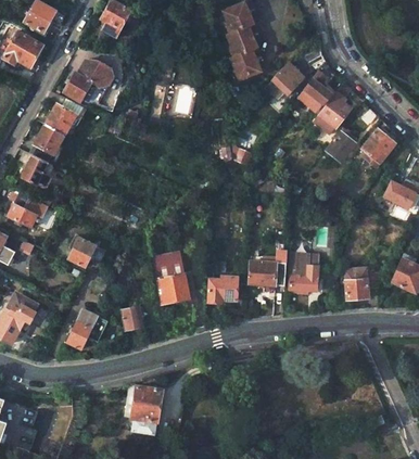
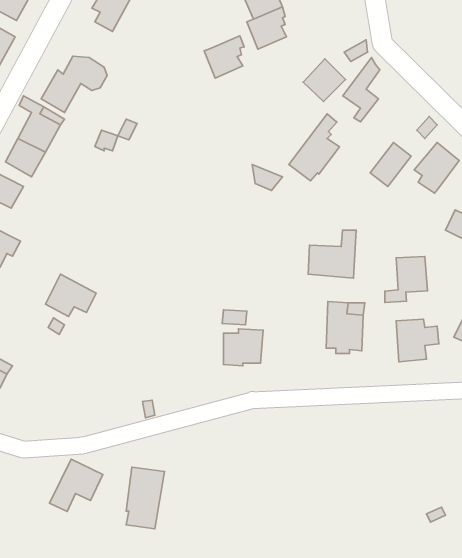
building: [229,44,261,78] -> [204,36,244,78]
building: [312,82,352,136] -> [289,114,339,181]
building: none -> [385,257,427,302]
building: [249,250,287,288] -> [308,230,356,278]
building: [151,256,194,307] -> none
building: [119,306,142,332] -> none
building: [64,308,106,349] -> [49,459,103,511]

